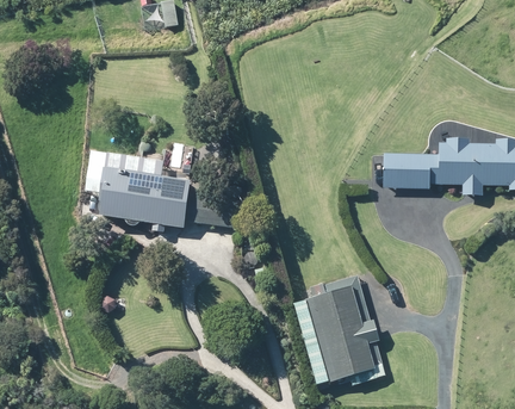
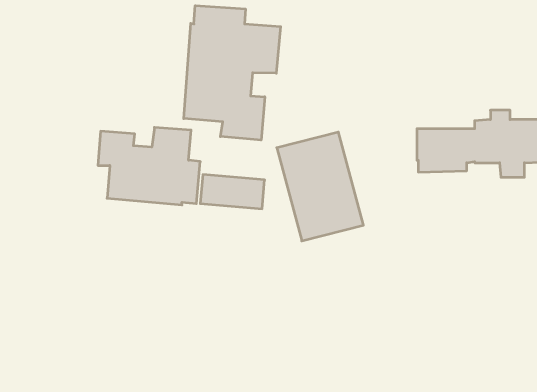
building: none -> [184,6,281,140]
building: [304,283,383,382] -> [277,132,363,241]

